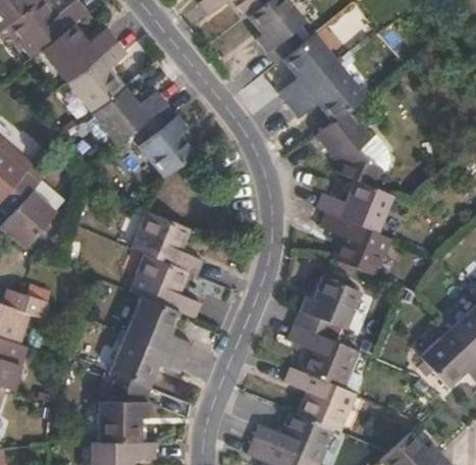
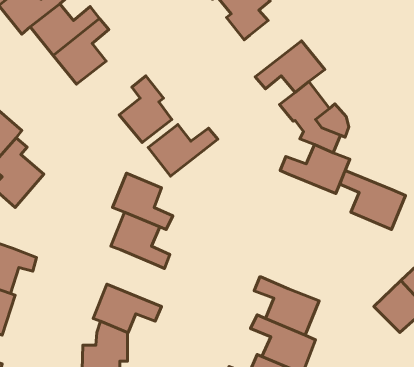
building: [278,33,339,104] -> none
building: [92,87,168,144] -> [148,124,218,176]
building: [319,211,391,276] -> [340,170,405,230]
building: [294,275,360,338] -> none
building: [125,295,192,357] -> none

